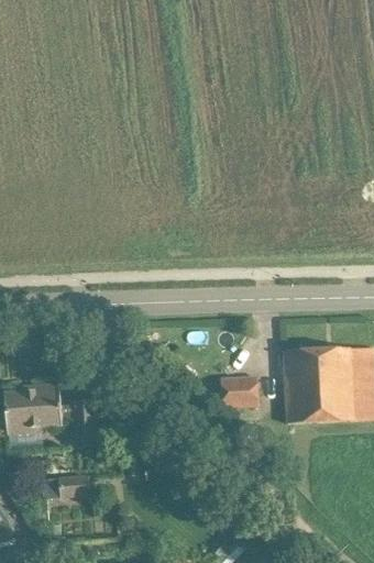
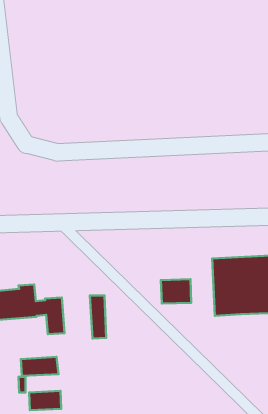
building: none -> [90,295,106,339]
building: none -> [29,391,61,410]

